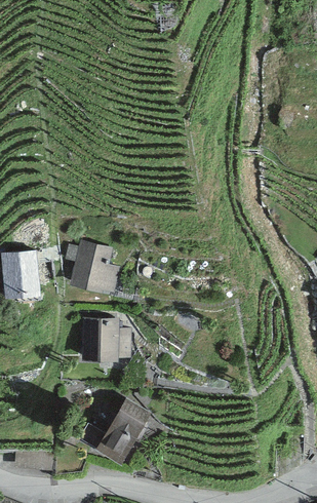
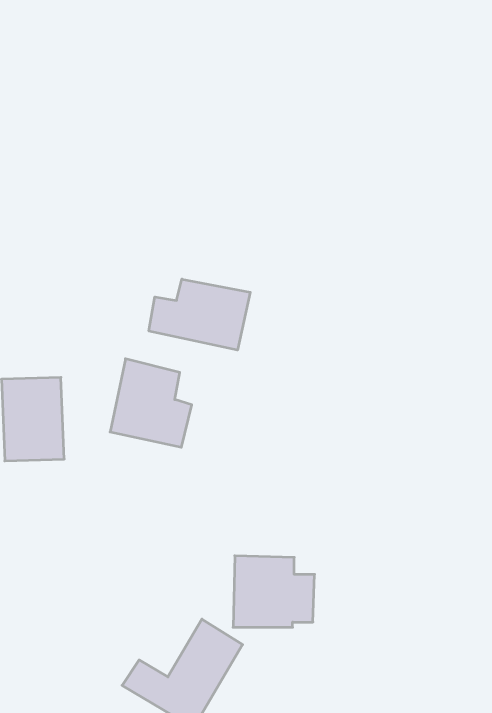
building: none -> [149,279,250,350]
building: [81,317,130,360] -> [233,556,315,627]

